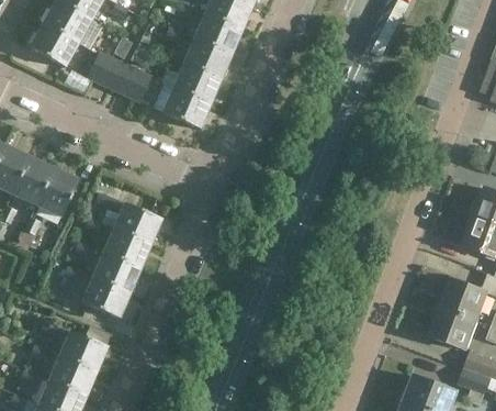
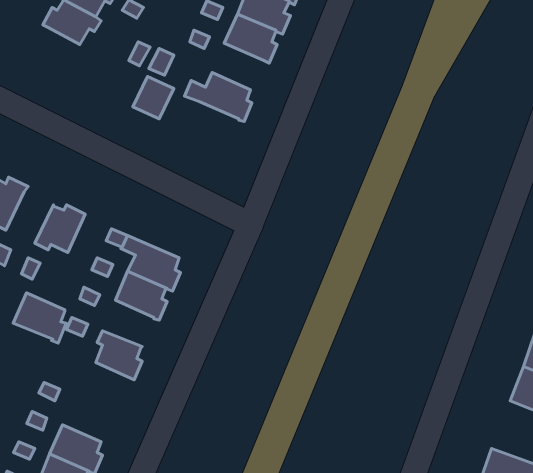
building: [30,25,78,64] -> none
building: [183,38,227,79] -> none
building: [87,52,121,87] -> none
building: [167,87,206,129] -> none
building: [12,162,54,204] -> none
building: [92,252,136,293] -> [13,293,66,343]
building: [59,330,102,371] -> none

